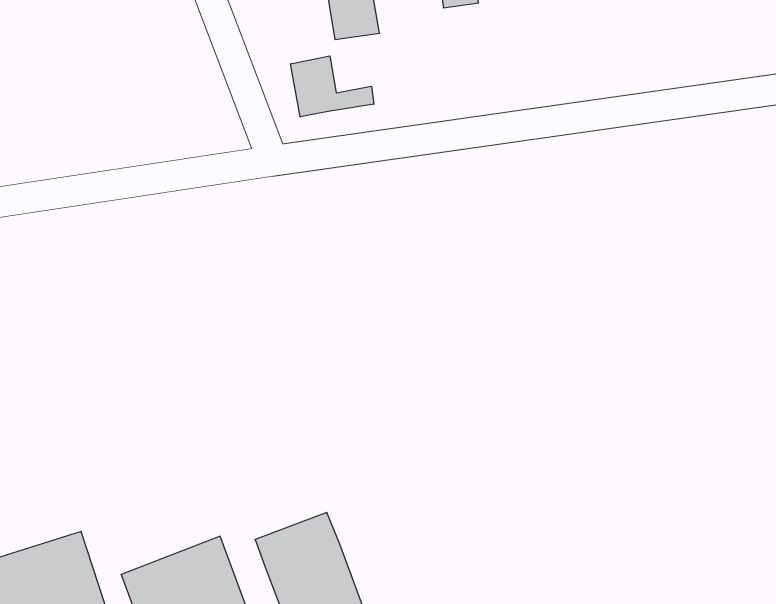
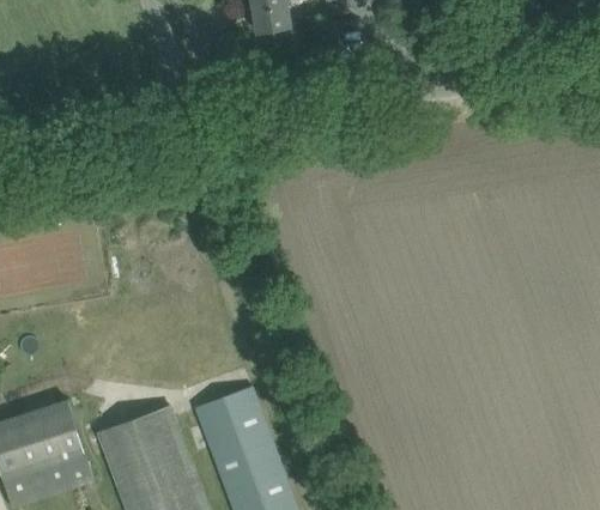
building: [291,56,374,117] -> none

